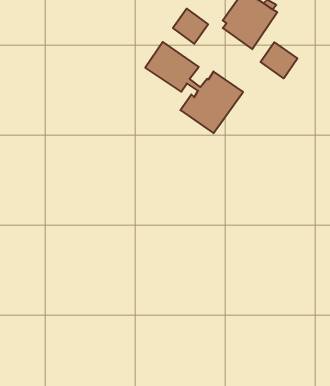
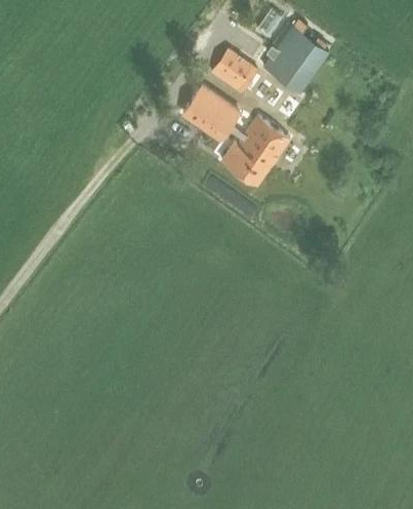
building: [261,42,297,78] -> none

